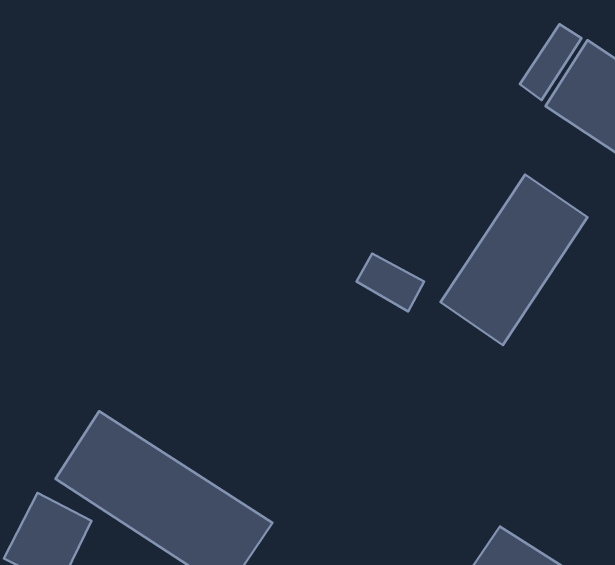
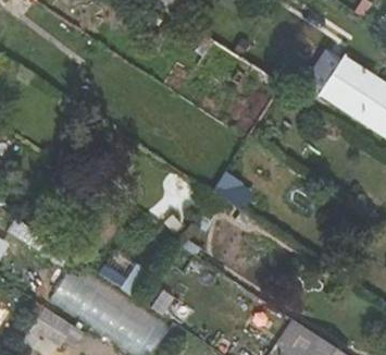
building: [441,175,587,345] -> none

